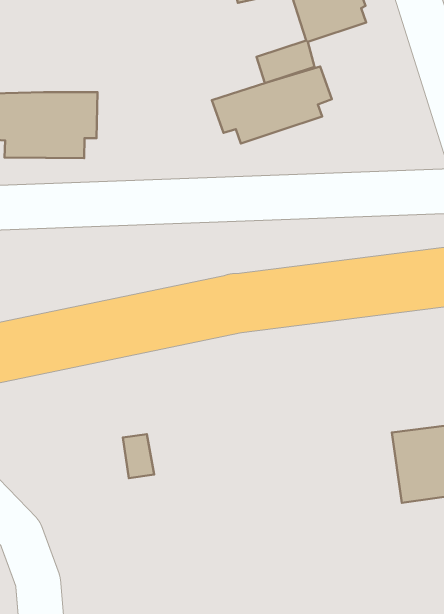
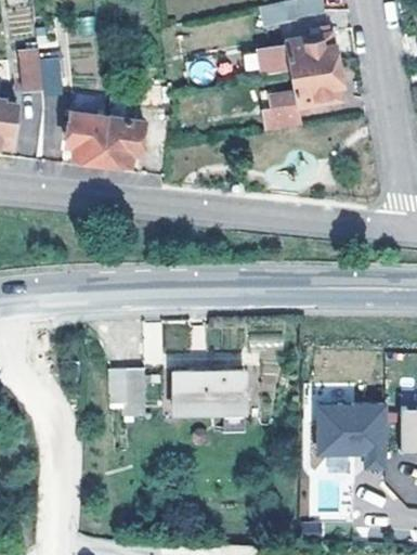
building: [212,66,332,143] -> none
building: none -> [177,373,248,413]

